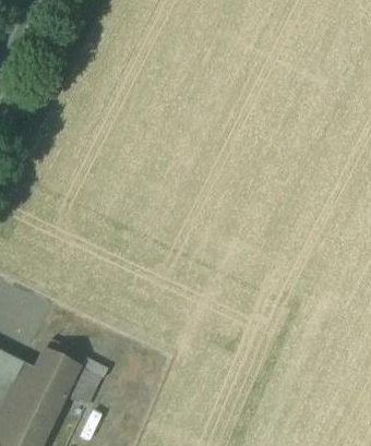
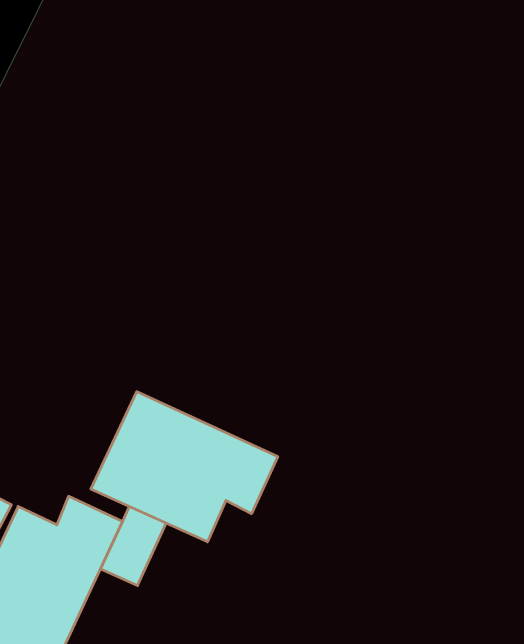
building: none -> [91,392,278,542]

